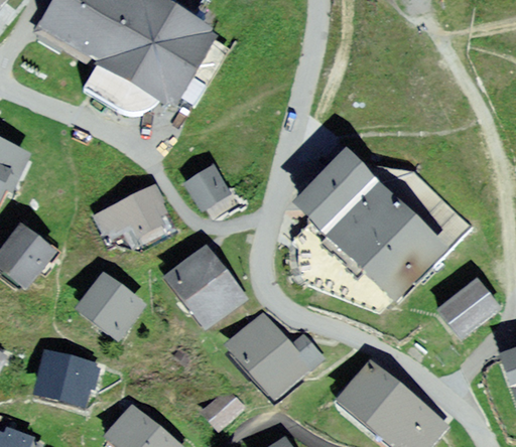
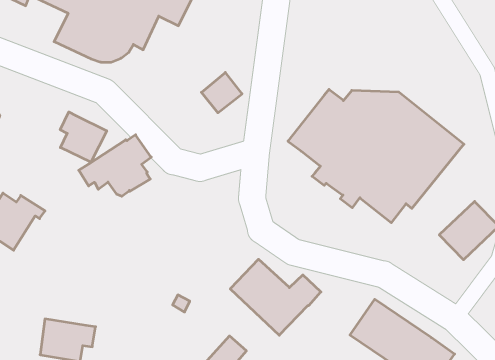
building: none -> [60,112,107,162]
building: [185,167,225,205] -> [201,72,242,113]
building: [169,252,237,321] -> none
building: [81,279,134,331] -> none

